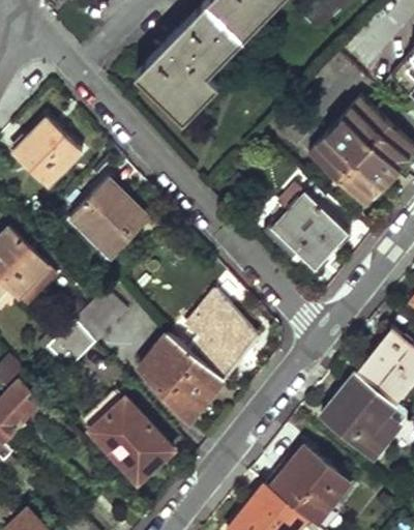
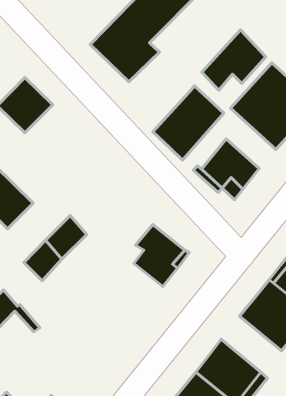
building: none -> [202,30,266,90]
building: none -> [153,86,224,160]
building: [69,179,142,256] -> none
building: [141,333,223,420] -> none
building: [89,402,172,484] -> none

